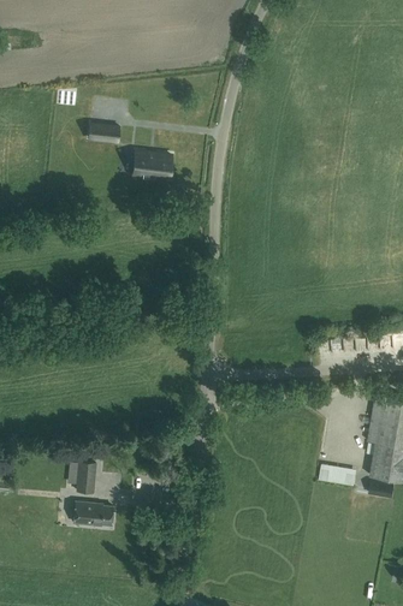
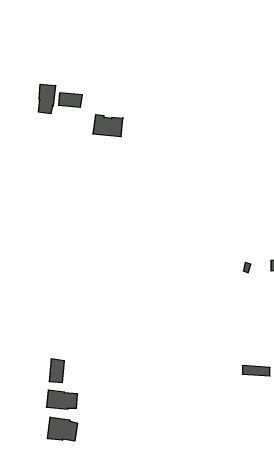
building: none -> [38,84,55,114]
building: none -> [48,417,77,441]

